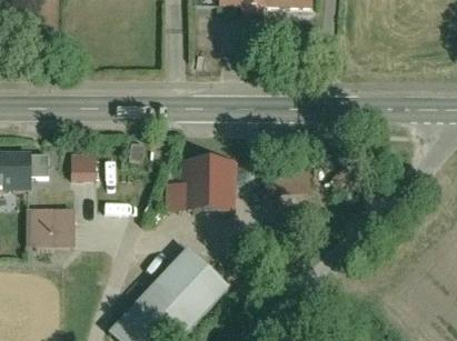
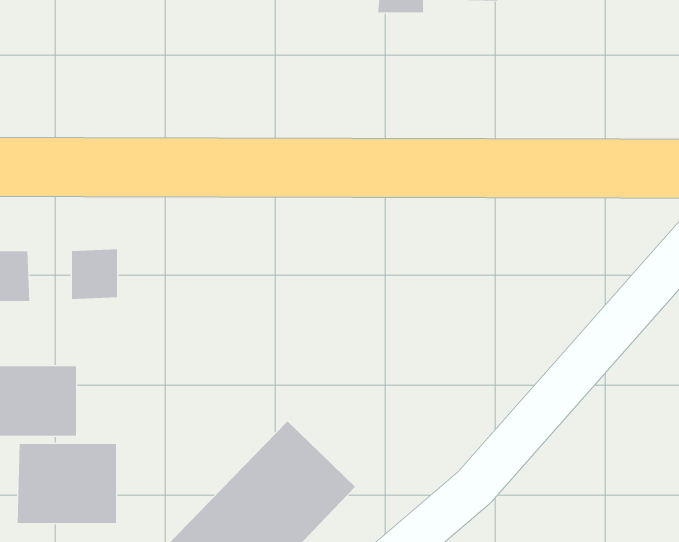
building: [160,156,234,214] -> none
building: none -> [17,443,117,524]

